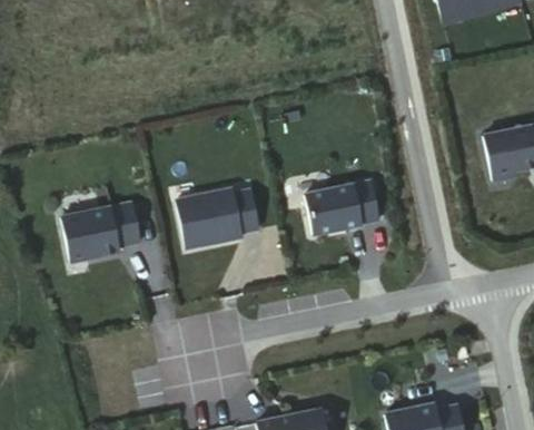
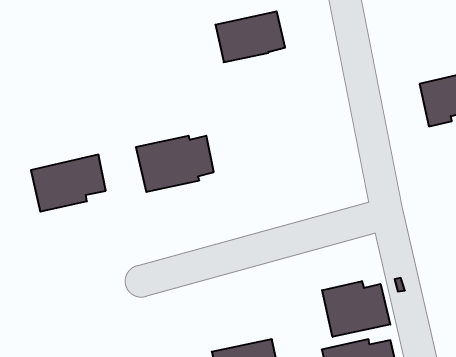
building: [304,180,378,235] -> [215,11,285,62]
building: none -> [322,281,390,337]

